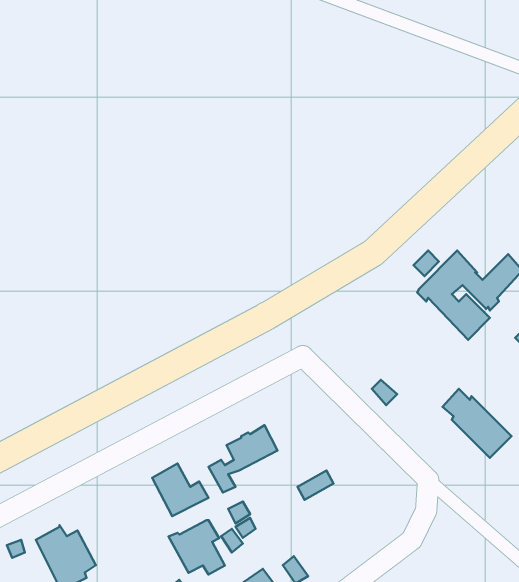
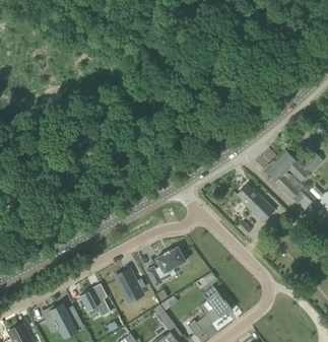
building: [443,389,512,458] -> [237,184,275,222]
building: none -> [203,286,233,324]
building: [168,520,225,575] -> [79,286,111,317]

